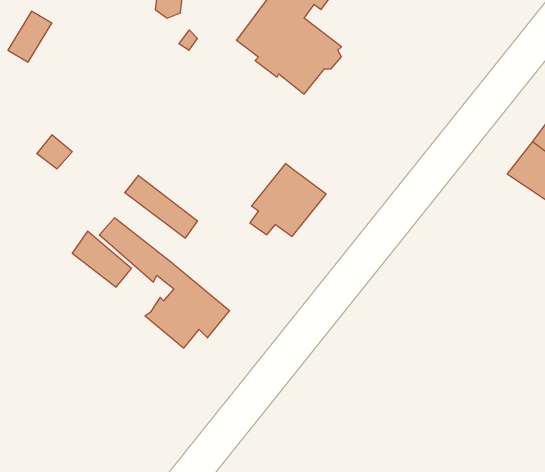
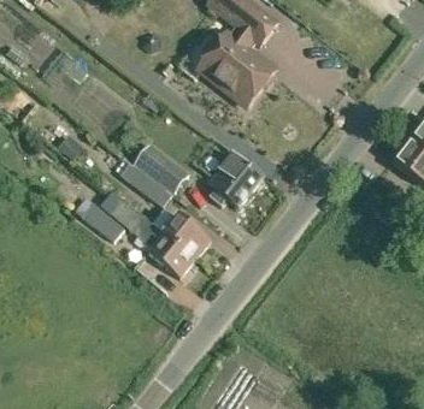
building: none -> [132,142,190,191]
building: none -> [152,211,210,257]

